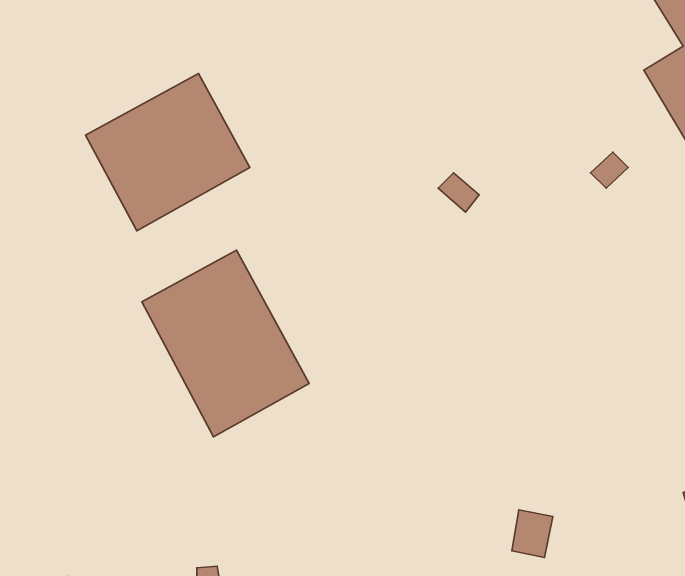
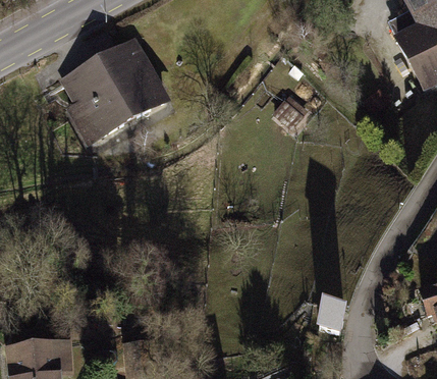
building: [142,250,309,437] -> none

